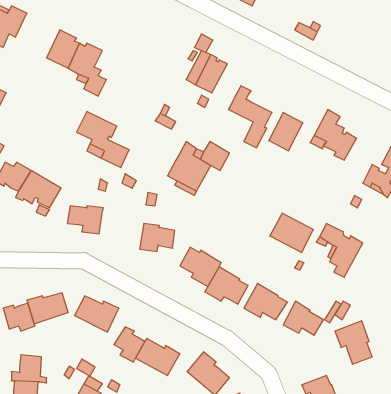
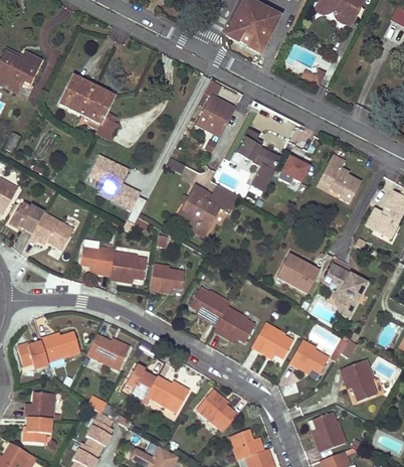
building: none -> [110,252,146,281]

